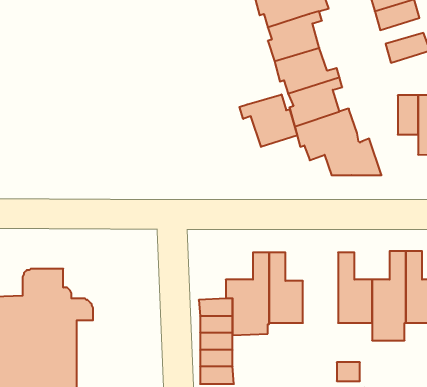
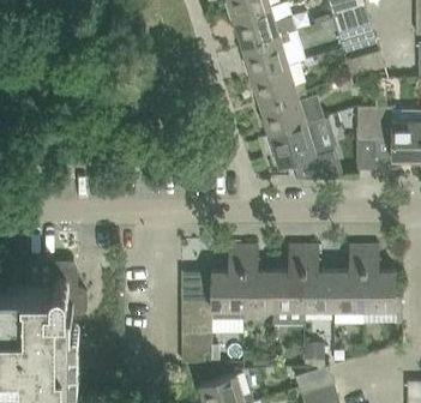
building: [239,94,297,147] -> none
building: none -> [273,247,305,326]

